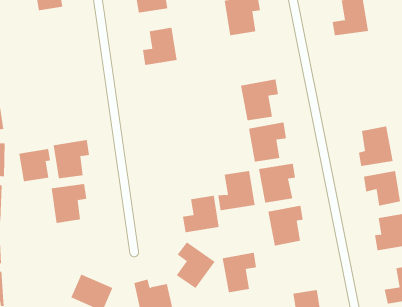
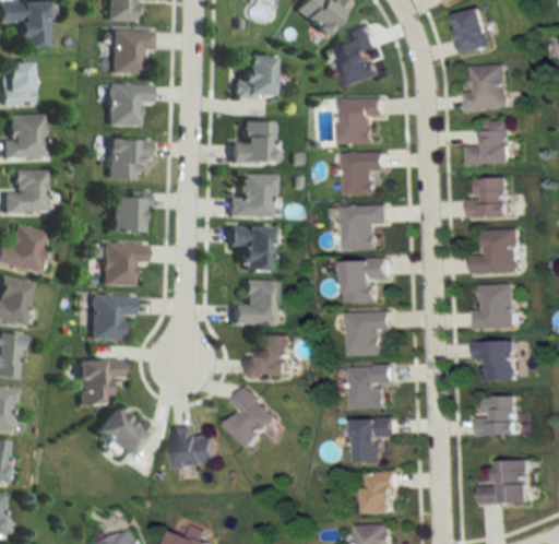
building: none -> [105,83,147,126]
building: none -> [344,152,385,194]
building: none -> [469,178,510,217]
building: none -> [104,139,147,178]
building: none -> [226,174,272,217]
building: none -> [472,229,519,274]
building: none -> [225,225,269,271]
building: [18,149,51,182] -> [105,196,143,232]
building: [217,170,255,211] -> [230,280,275,323]
building: none -> [72,358,117,404]
building: [222,252,257,293] -> [353,417,394,462]

